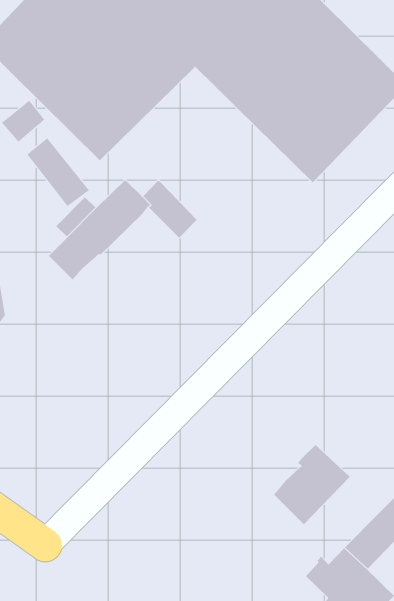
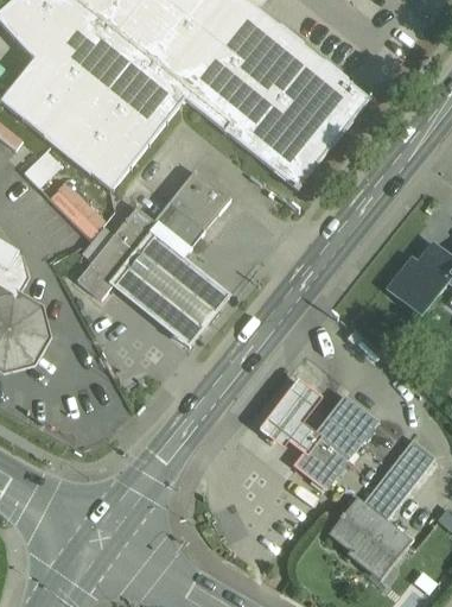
building: none -> [167,172,230,234]
building: none -> [109,234,231,350]
building: none -> [257,377,320,453]
building: none -> [326,396,376,442]

